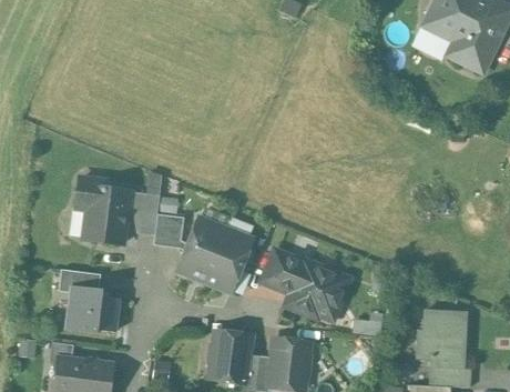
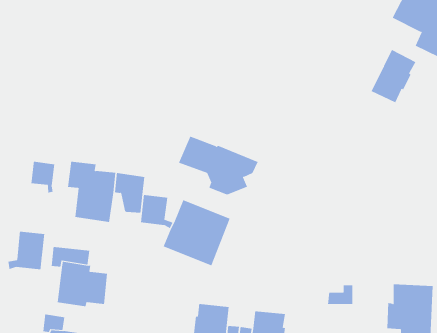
building: none -> [371,49,416,103]
building: none -> [31,161,55,194]
building: [263,252,348,315] -> [178,136,258,195]
building: none -> [8,231,45,270]

